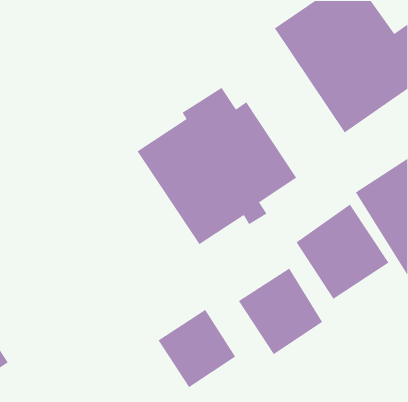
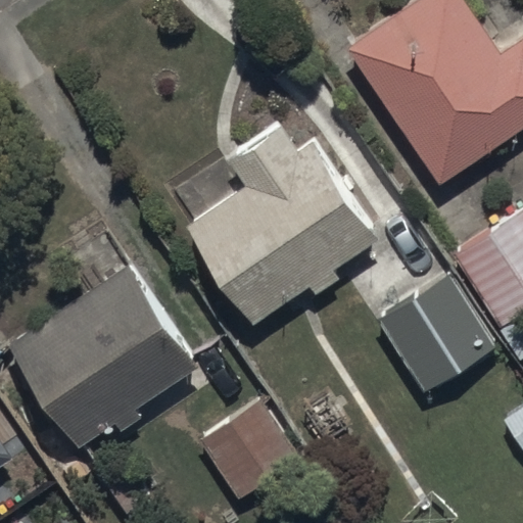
building: none -> [5,260,203,449]
building: [238,267,323,355] -> none

